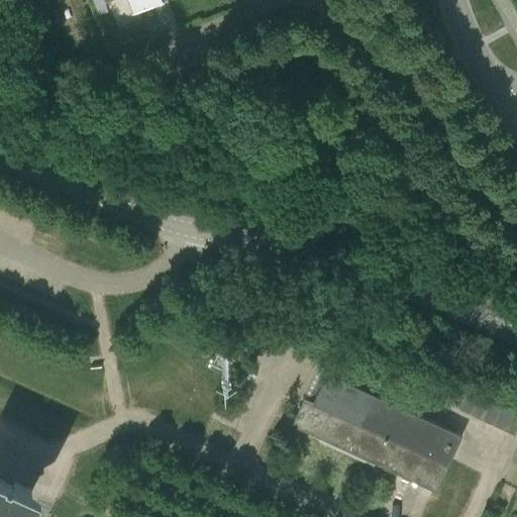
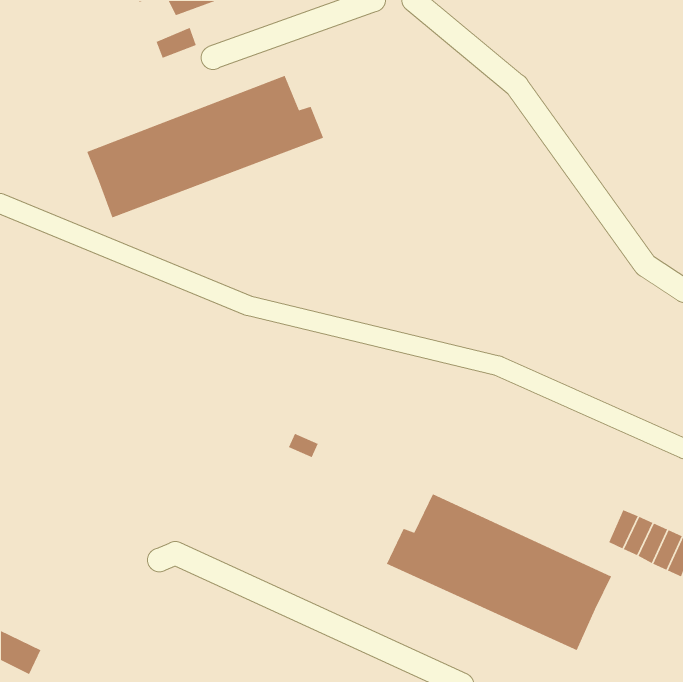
building: none -> [86,75,324,218]

